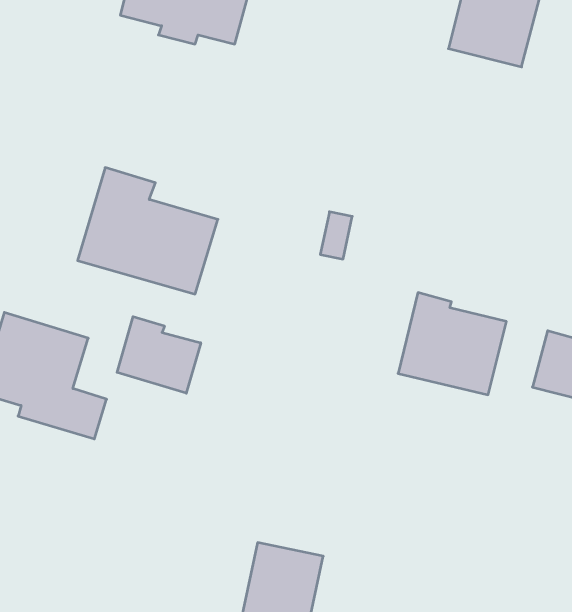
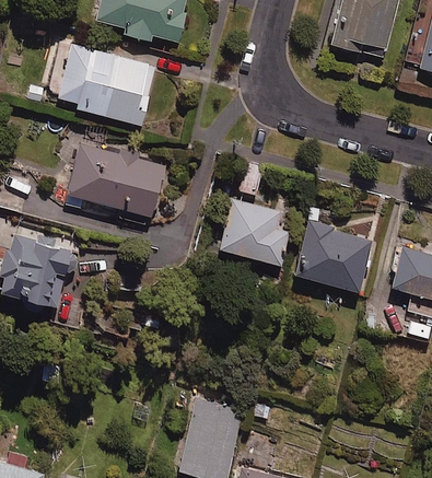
building: none -> [57,44,155,125]
building: none -> [221,199,290,266]
building: [117,317,201,393] -> none

